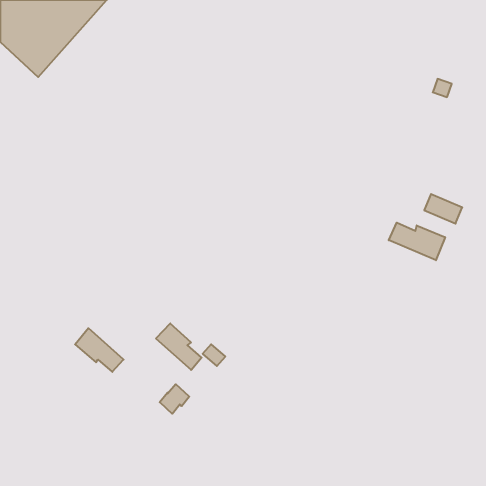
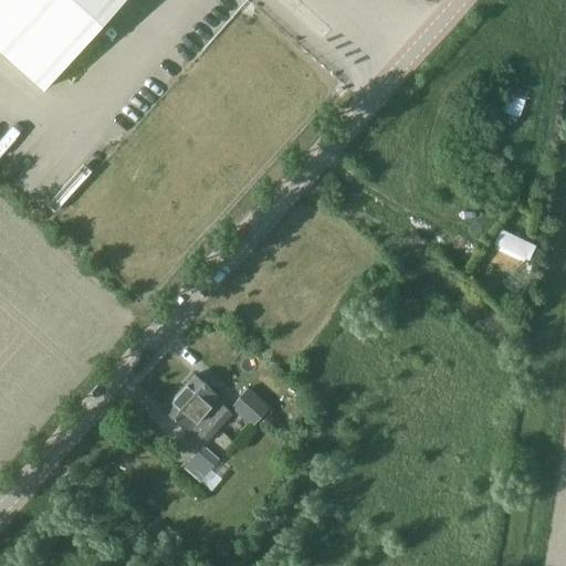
building: [389,223,445,260] -> none
building: [75,328,124,372] -> [166,394,222,444]

